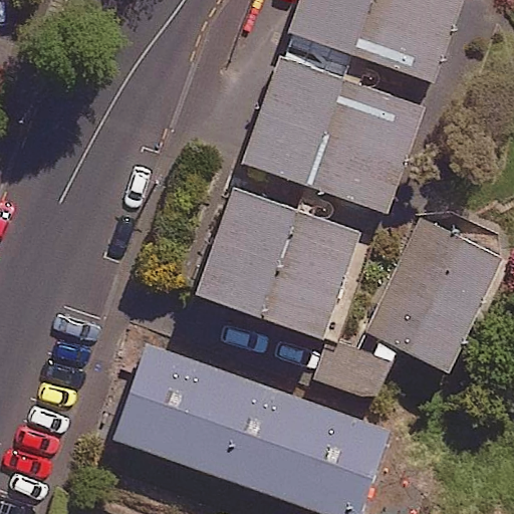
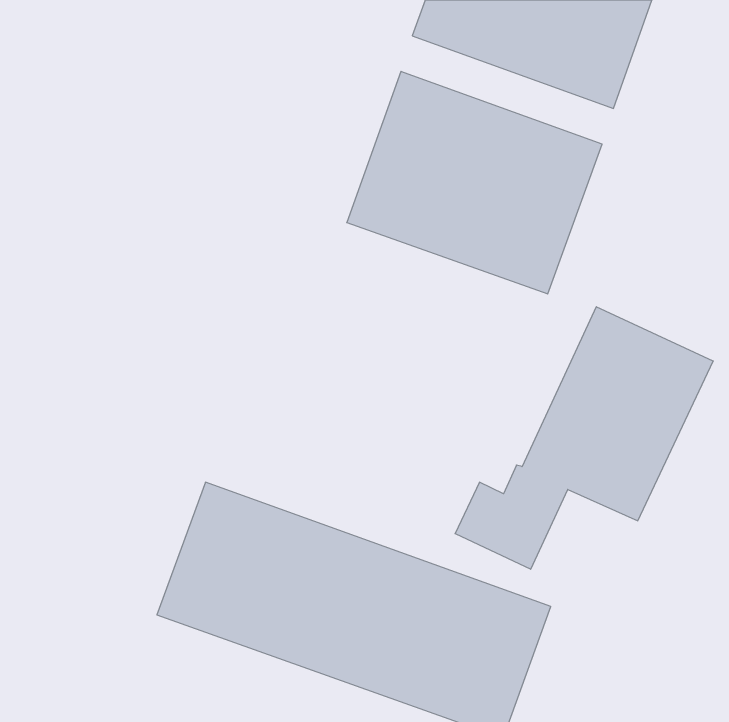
building: [193,185,359,336] -> none

